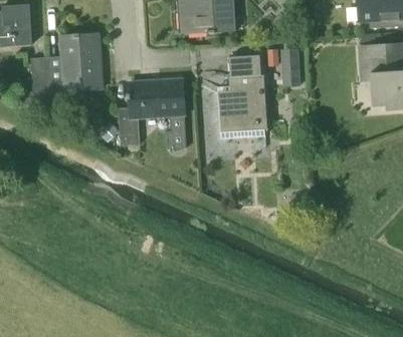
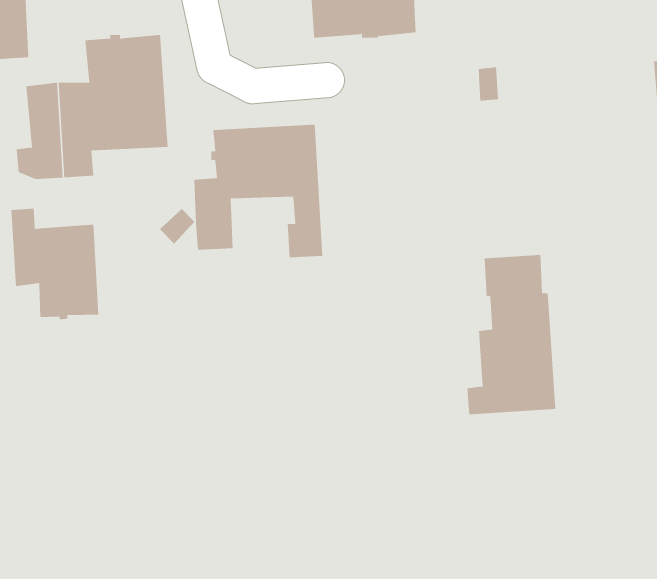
building: [280,48,300,86] -> none
building: [220,54,267,138] -> [467,255,556,415]
building: none -> [11,208,99,320]

